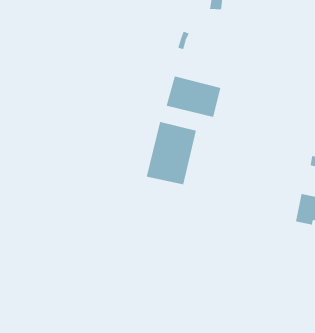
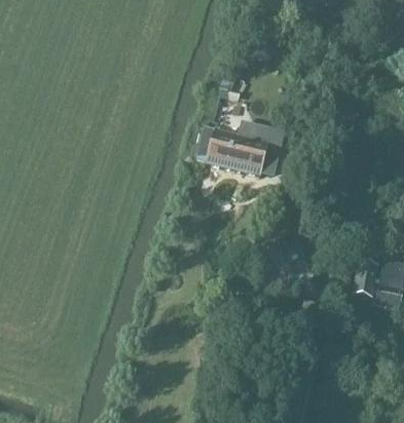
building: [146,121,197,185] -> none

